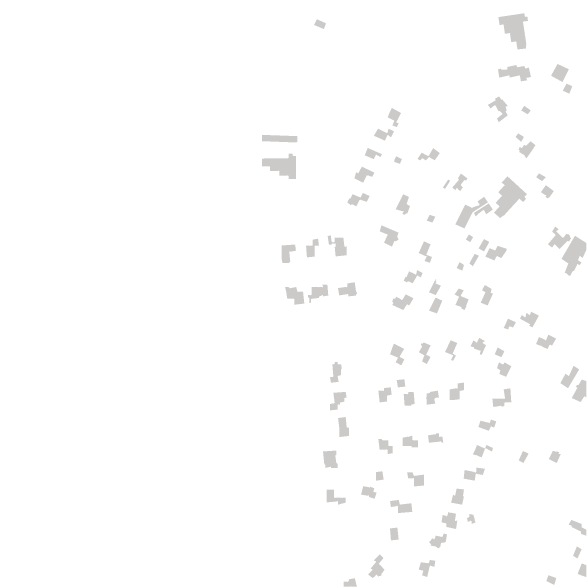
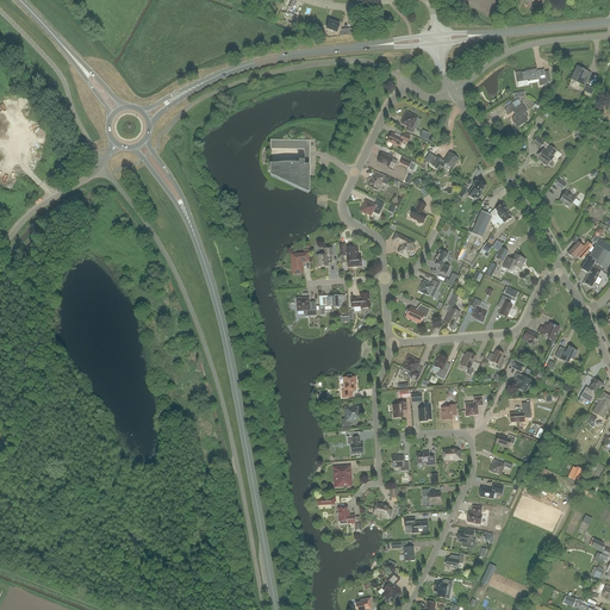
building: [498,13,529,50] -> none
building: [493,176,528,220] -> none

